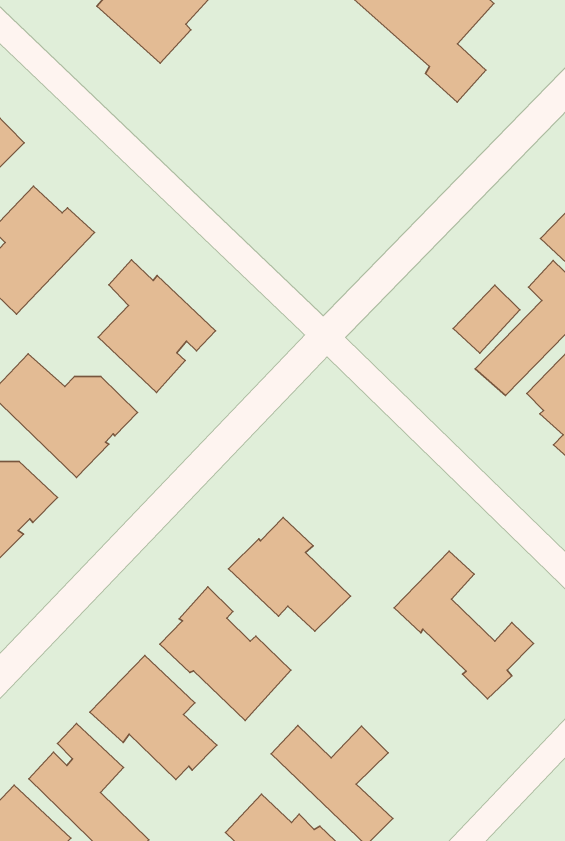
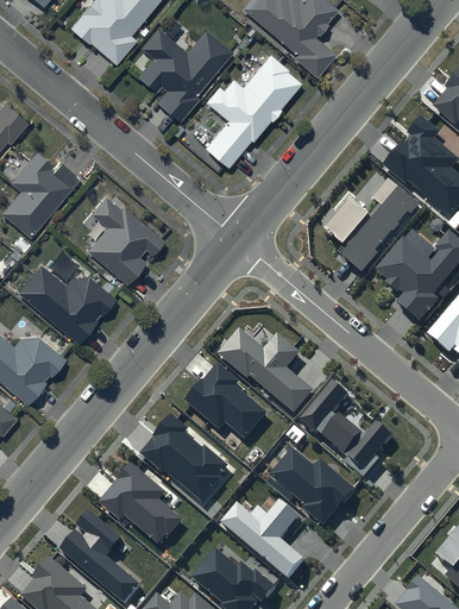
building: none -> [138,26,232,121]
building: none -> [203,55,301,167]
building: none -> [218,327,313,412]
building: none -> [269,447,356,526]

